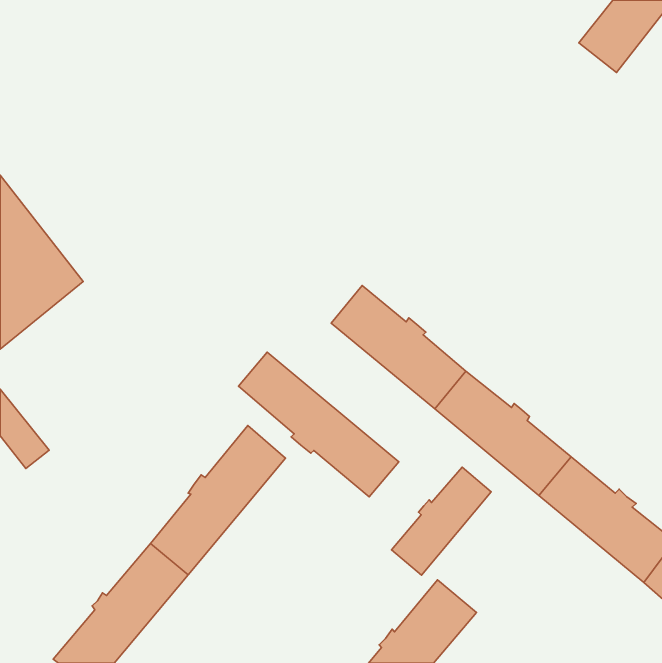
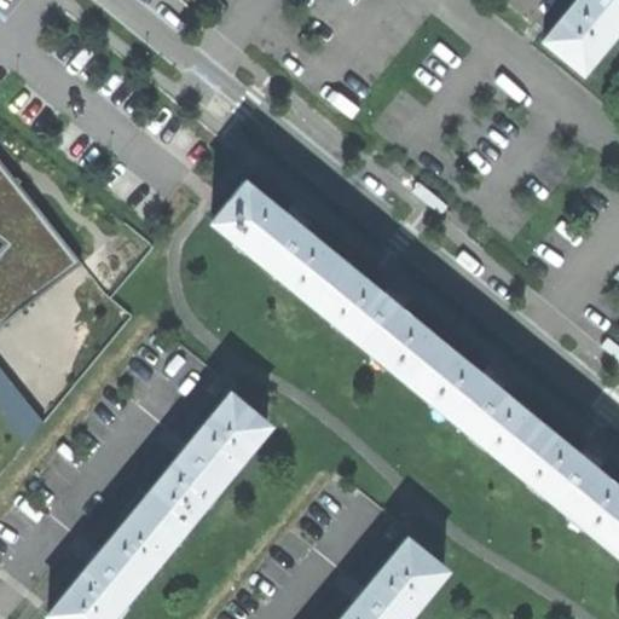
building: none -> [212,185,339,301]
building: [239,352,399,497] -> none
building: [391,467,491,575] -> none

